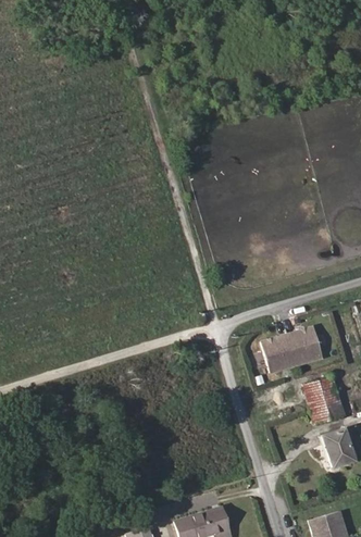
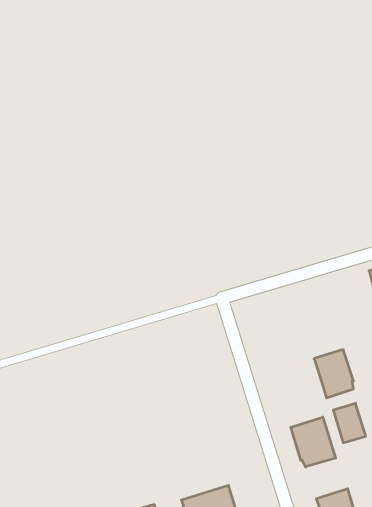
building: [262,326,324,373] -> none
building: none -> [291,417,336,467]

